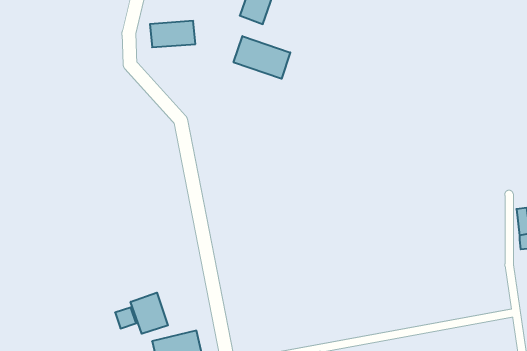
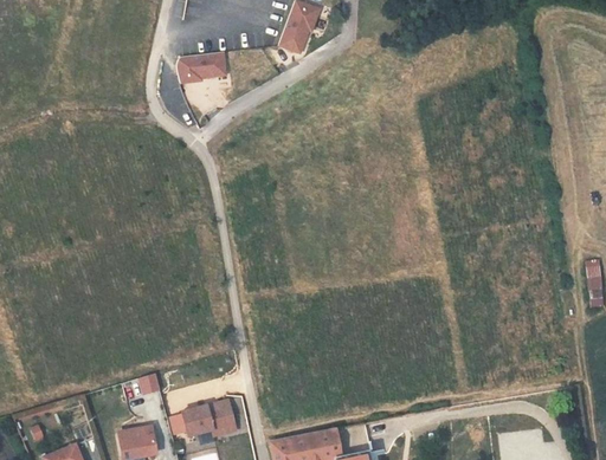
building: [234,36,290,79] -> none
building: [131,293,168,334] -> none

